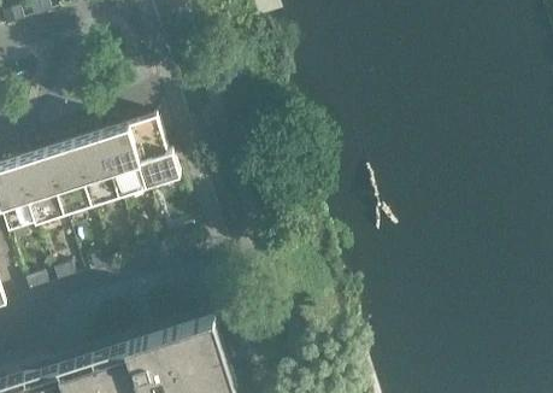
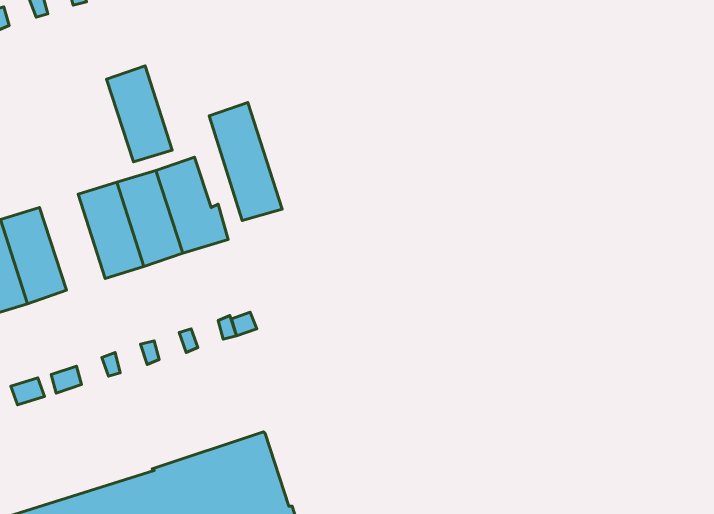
building: none -> [209,103,282,221]
building: [46,145,93,213] -> [106,66,172,162]

